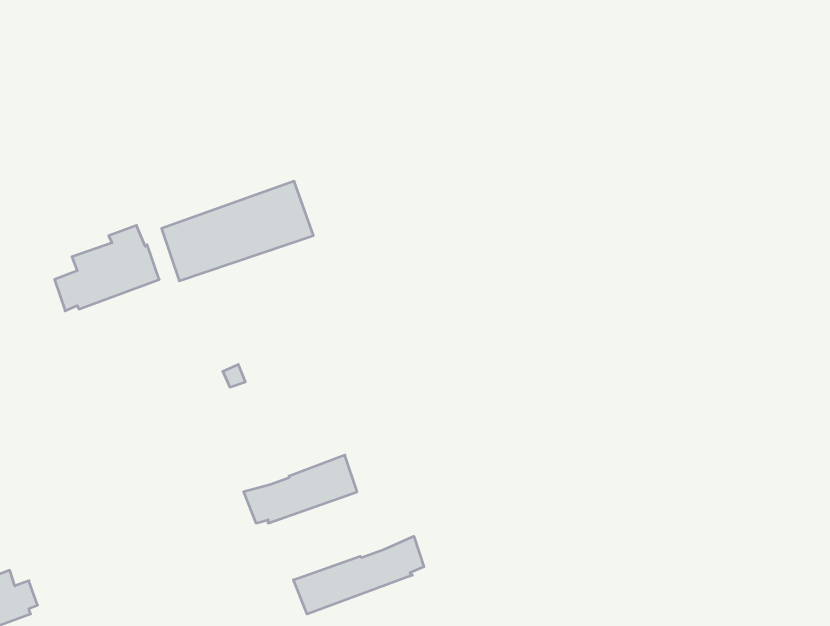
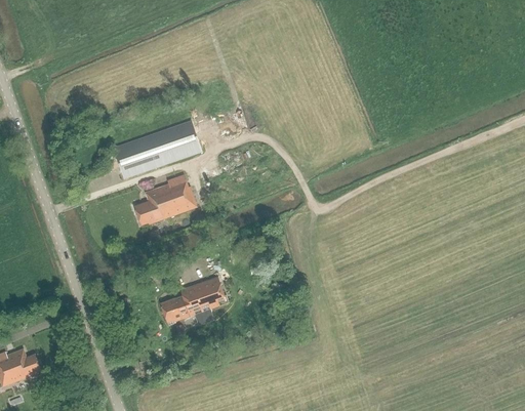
building: [55,225,159,311] -> [134,174,196,224]
building: [293,536,424,614] -> none

